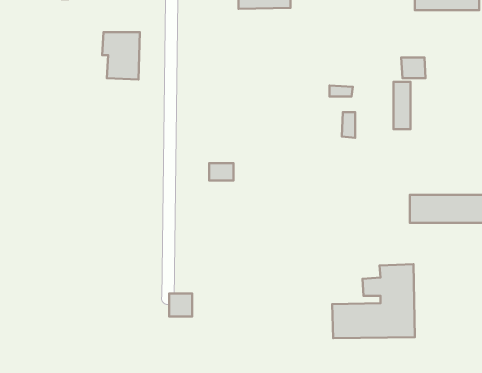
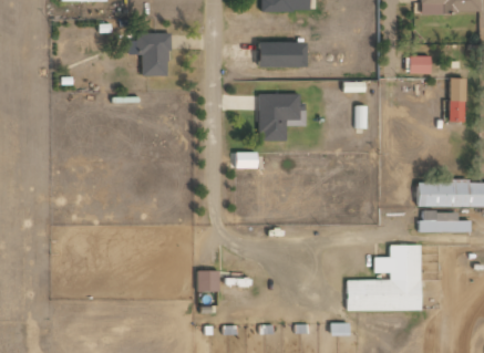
building: none -> [256,41,307,66]
building: [393,82,410,129] -> [450,77,465,121]
building: none -> [258,93,307,139]
building: none -> [421,211,471,232]

